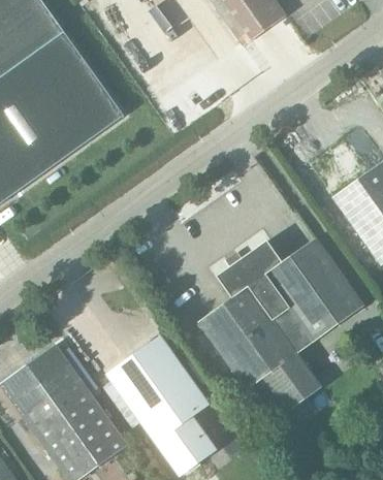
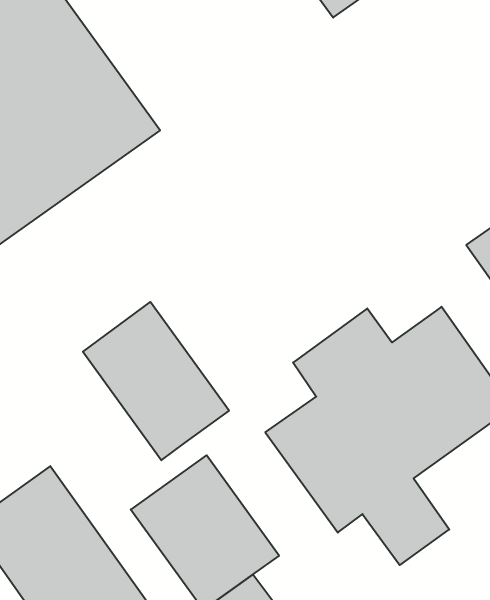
building: none -> [83,302,229,460]

